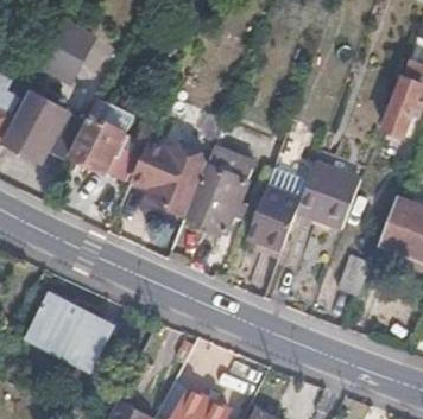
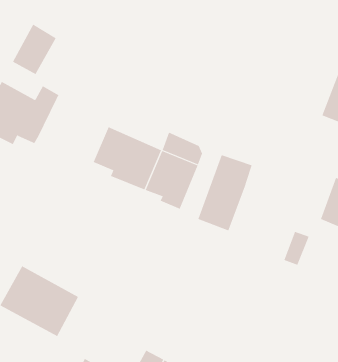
building: [68,110,126,172] -> none
building: [297,159,359,226] -> none

